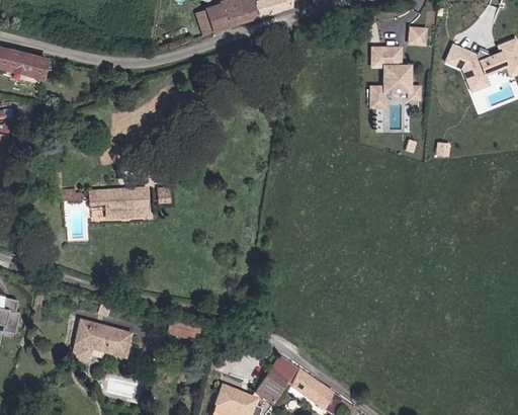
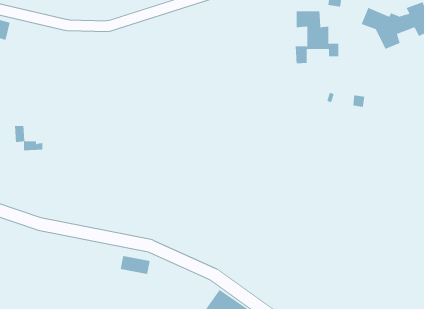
building: [89,188,147,219] -> none
building: [74,320,136,360] -> none

